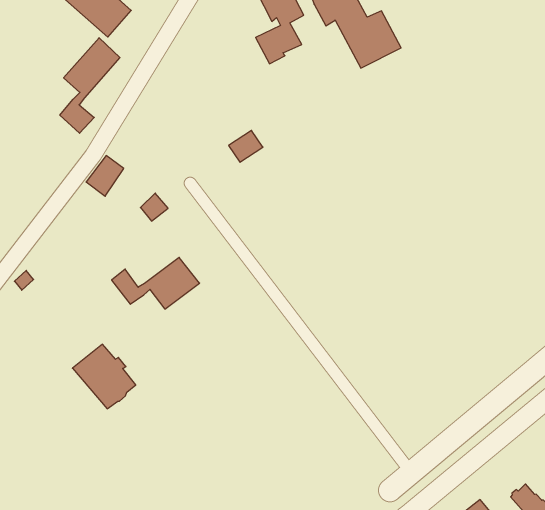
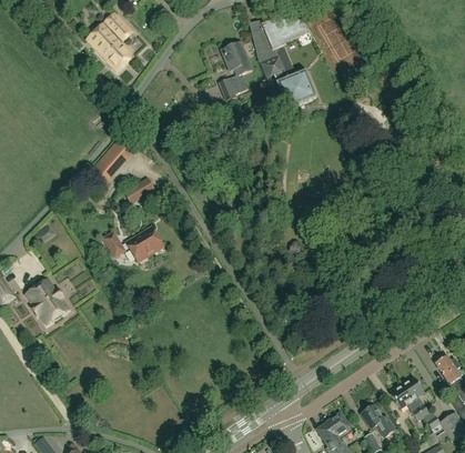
building: [60,38,120,133] -> none
building: [72,344,136,409] -> [26,280,68,324]

